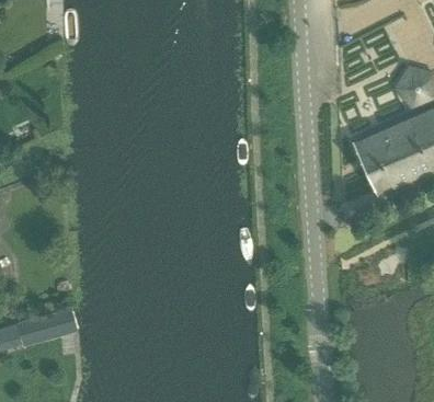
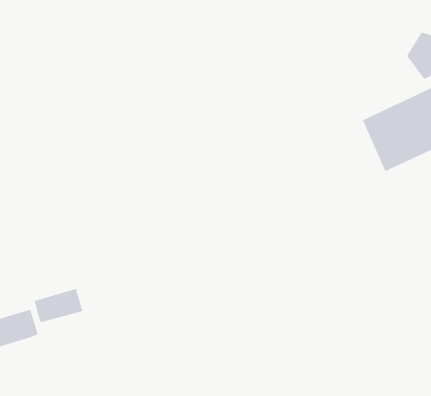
building: none -> [34,288,83,323]

